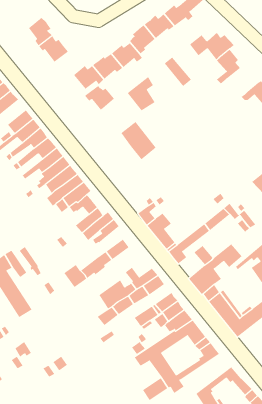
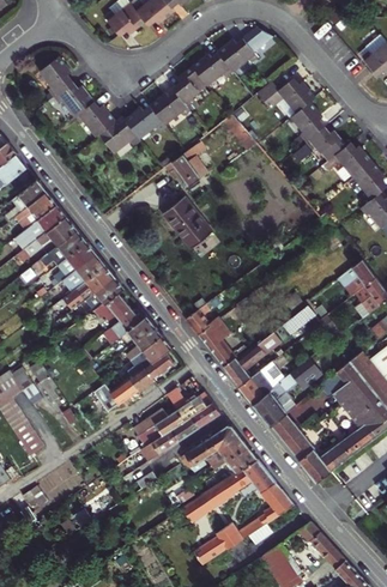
building: none -> [295,126,344,161]
building: [84,85,115,110] -> [74,104,115,138]
building: none -> [127,335,171,377]
building: none -> [238,370,273,405]

